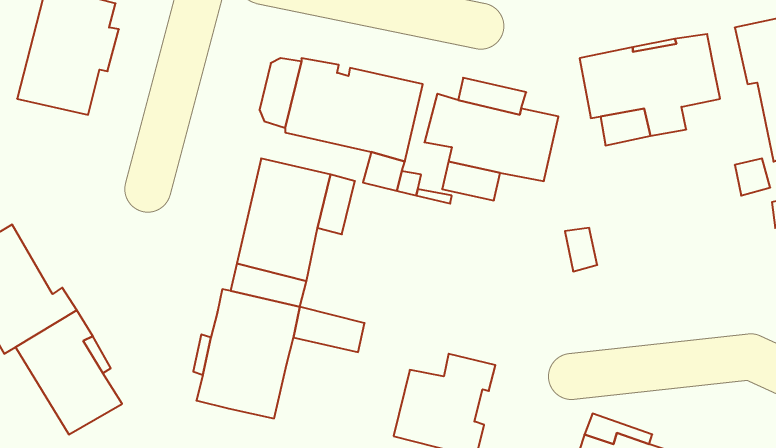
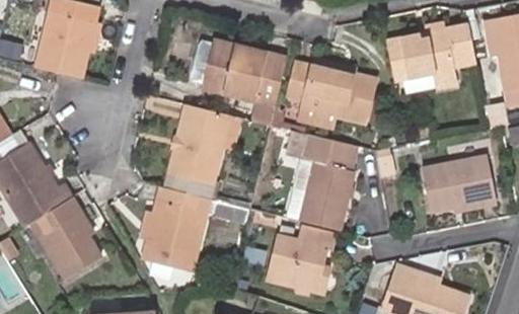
building: none -> [287,133,360,228]
building: none -> [423,154,496,210]

